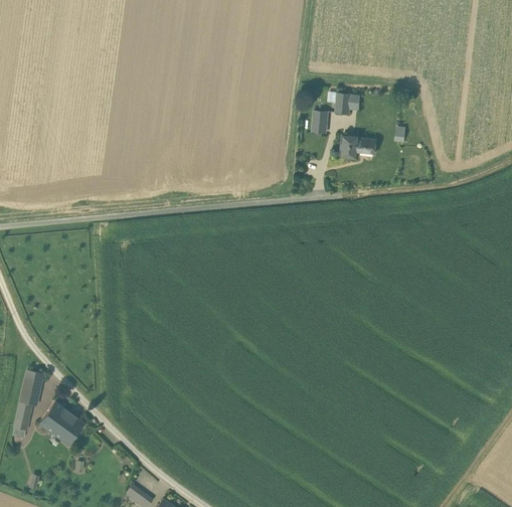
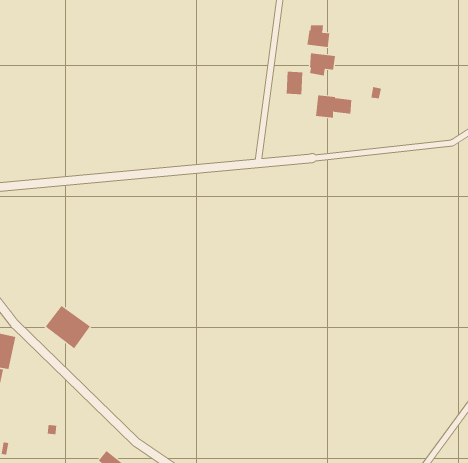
building: none -> [307,24,330,48]
building: [39,401,84,445] -> [45,305,91,349]

